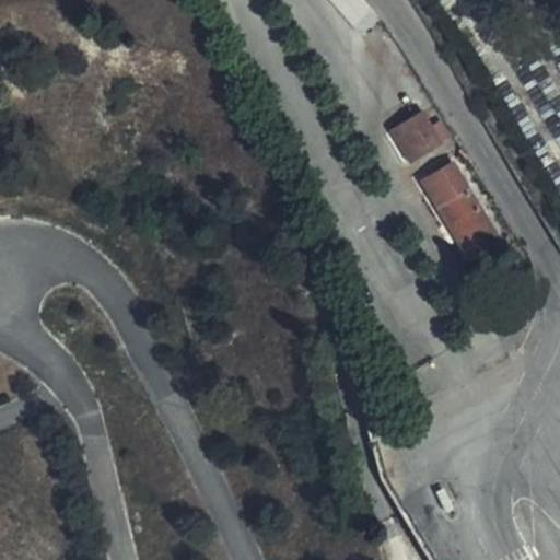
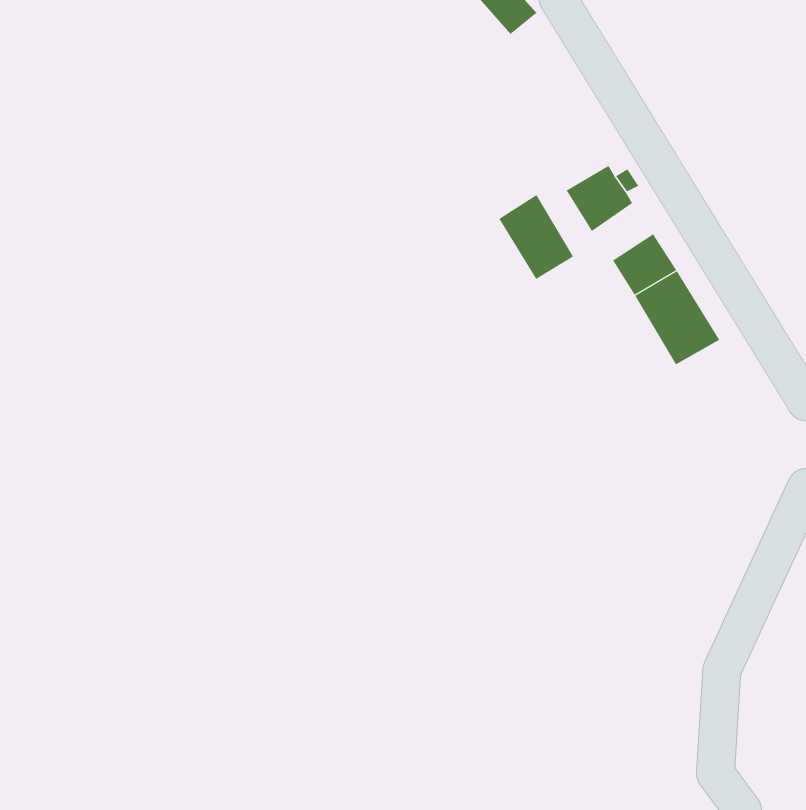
building: none -> [499,194,574,280]

